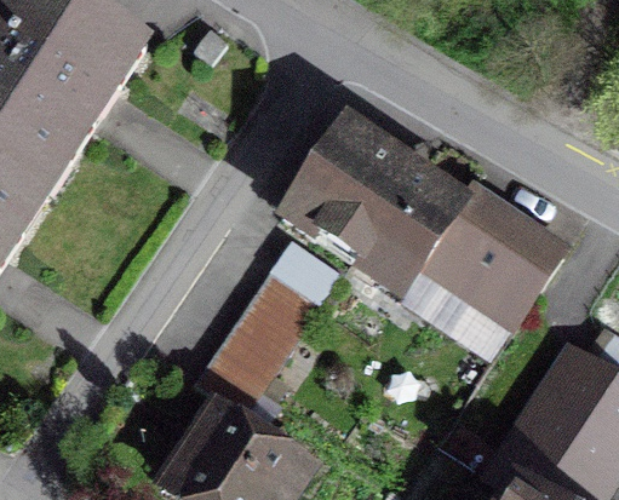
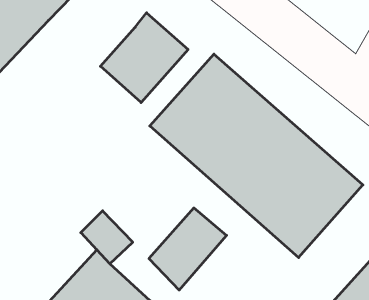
building: none -> [100,13,188,103]
building: [225,264,323,377] -> [149,208,227,290]

